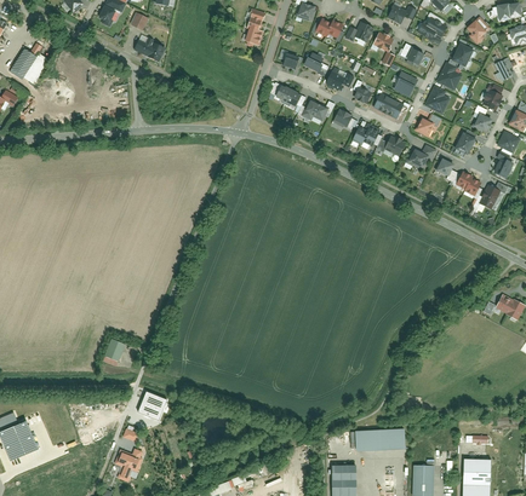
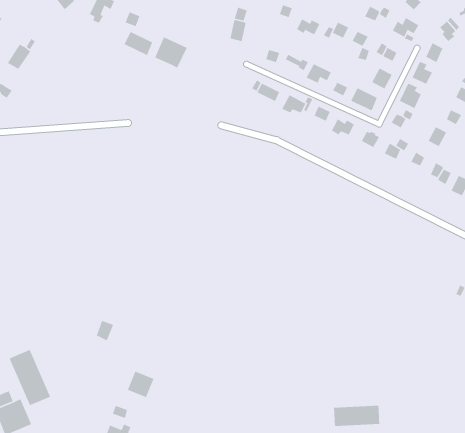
building: none -> [154,36,188,69]
building: none -> [9,349,51,406]

